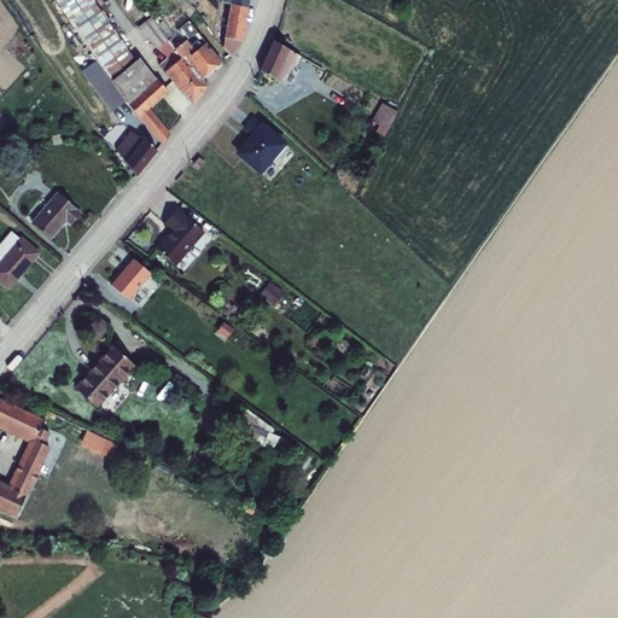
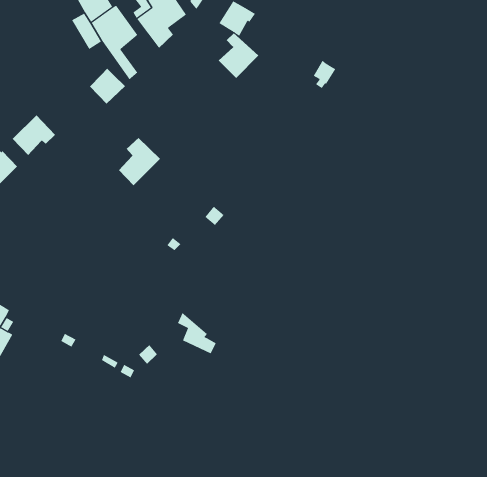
building: [237,118,284,171] -> [218,33,259,79]
building: [110,258,150,299] -> none
building: [74,344,135,407] -> none

